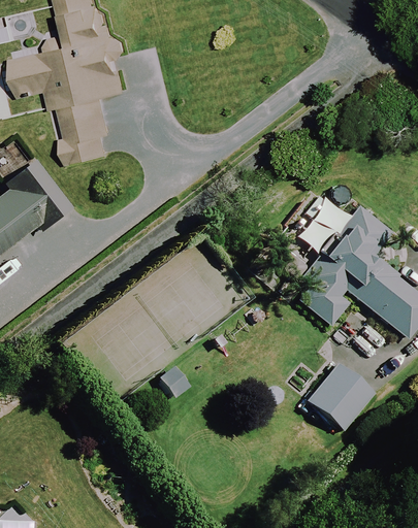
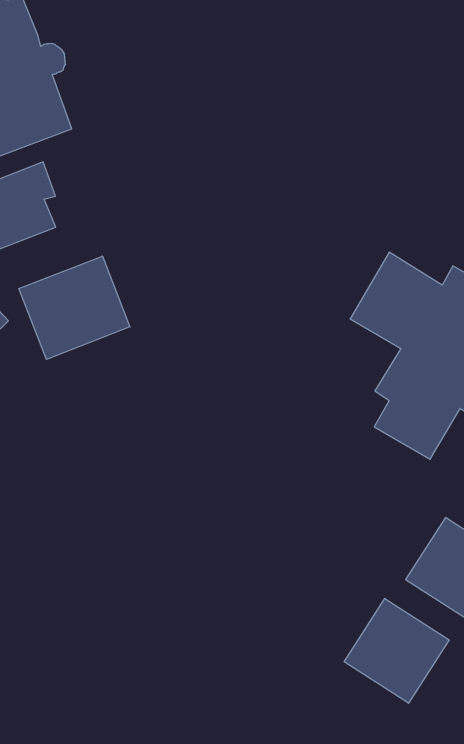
building: none -> [19,256,130,359]
building: none -> [344,598,449,703]

